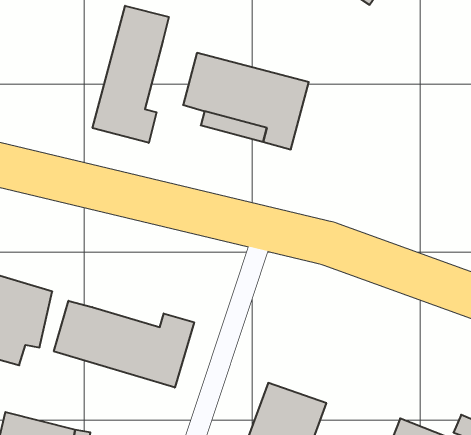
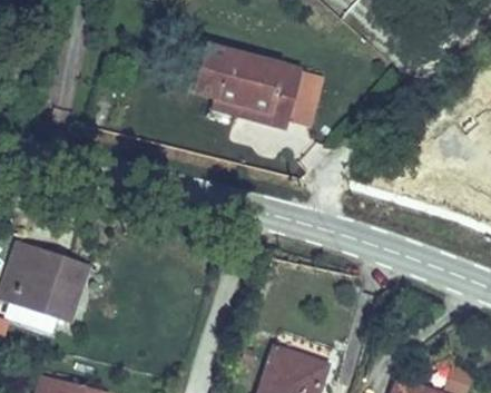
building: [93,6,169,143] -> none
building: [54,301,194,388] -> none

